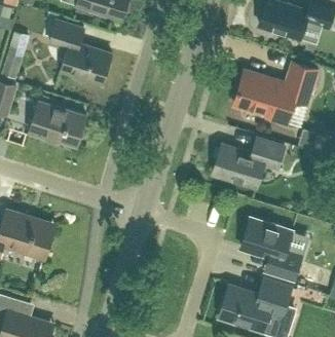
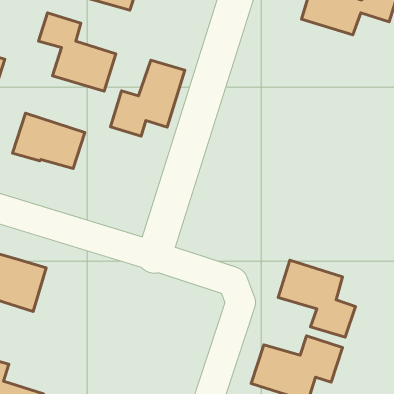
building: none -> [110,60,185,136]
building: [233,62,318,123] -> none
building: [213,138,285,187] -> none

